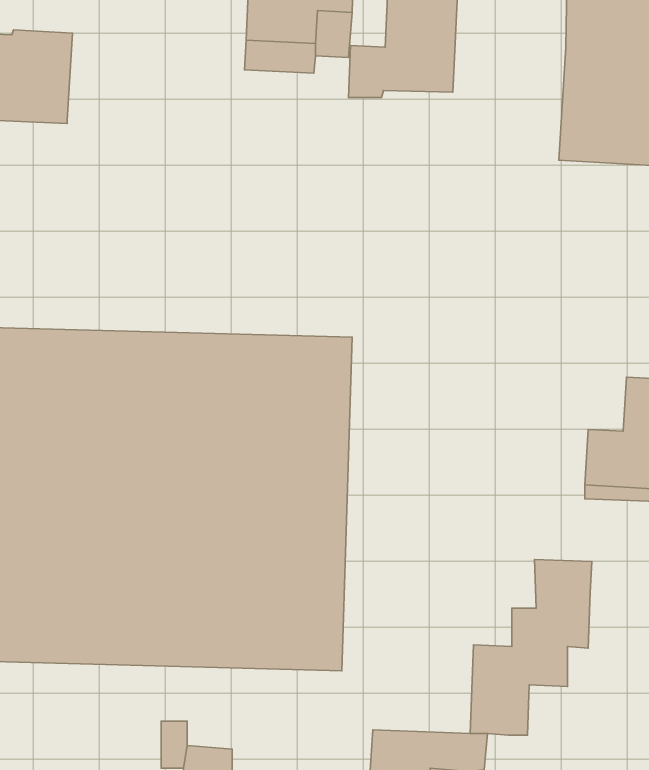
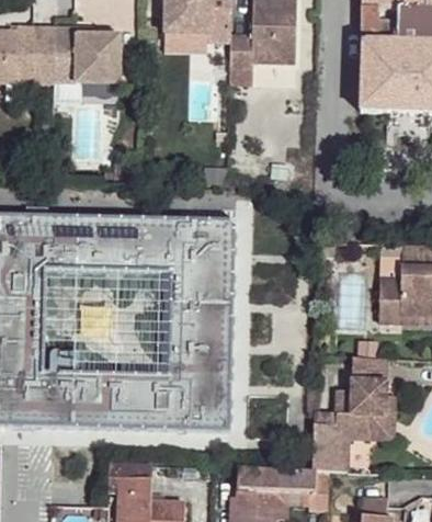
building: none -> [52,26,121,84]
building: none -> [342,379,393,470]

